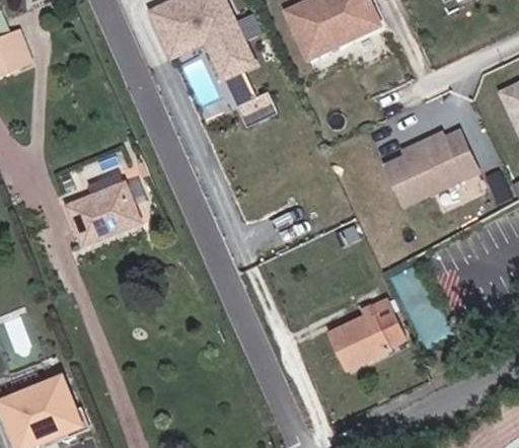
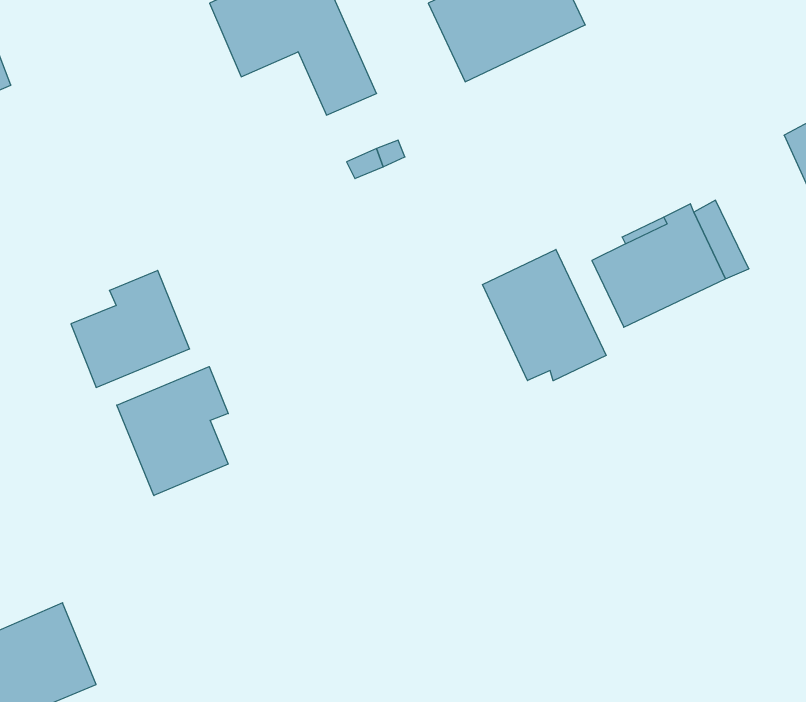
building: none -> [483,249,606,381]
building: none -> [117,367,228,496]
building: [329,296,405,368] -> none

